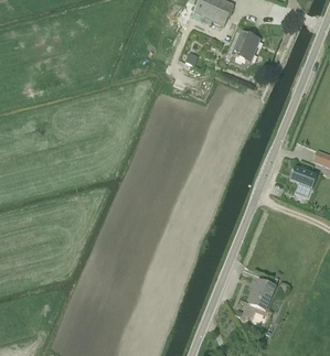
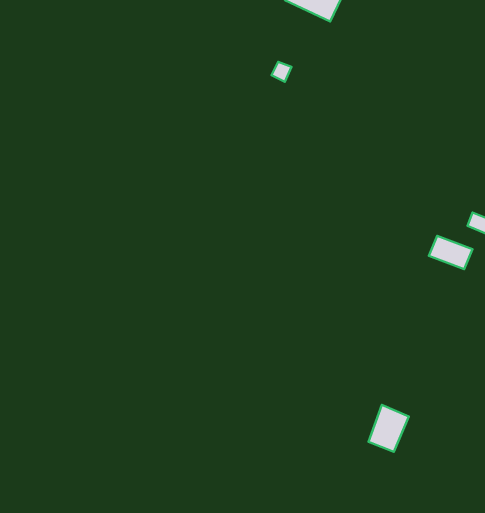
building: [232,31,260,62] -> none

